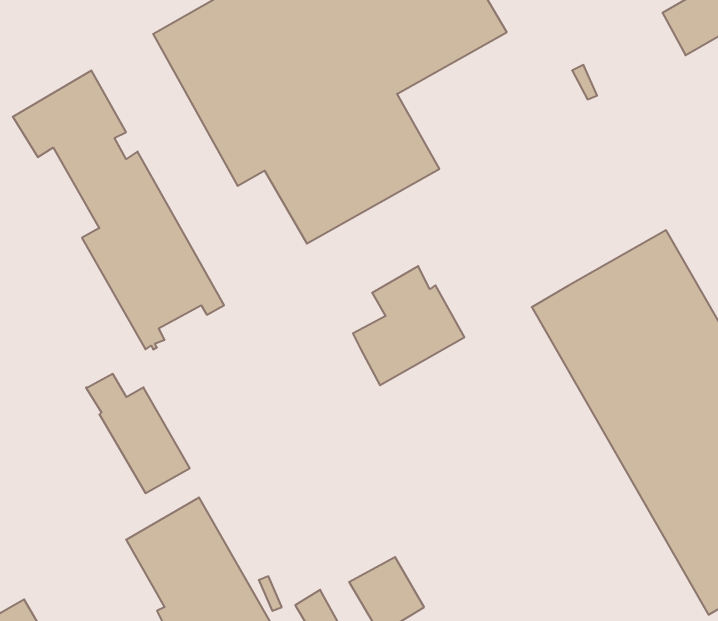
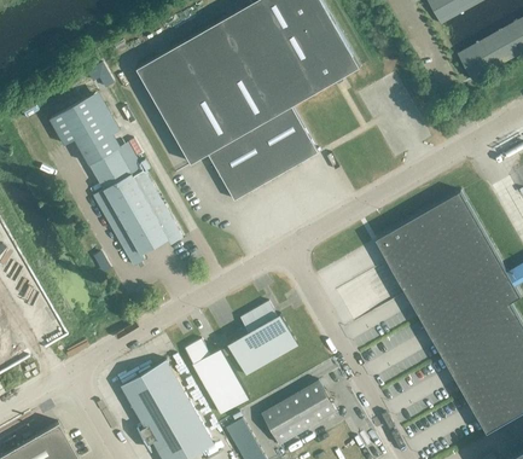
building: [353,266,464,385] -> [228,302,298,377]
building: [86,374,190,493] -> [184,341,249,416]
building: none -> [290,380,337,429]

